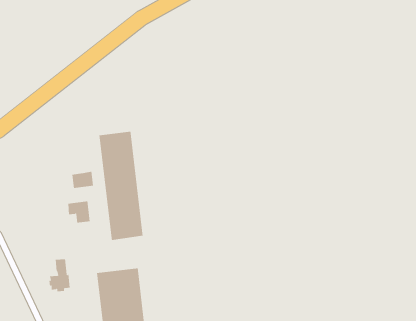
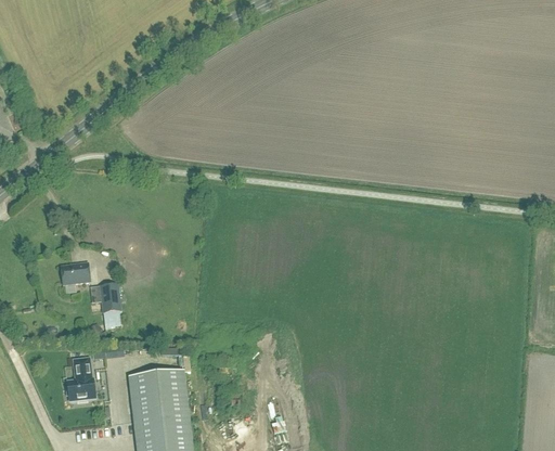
building: [99,131,143,241] -> none
building: [71,171,94,188] -> [61,259,90,282]

